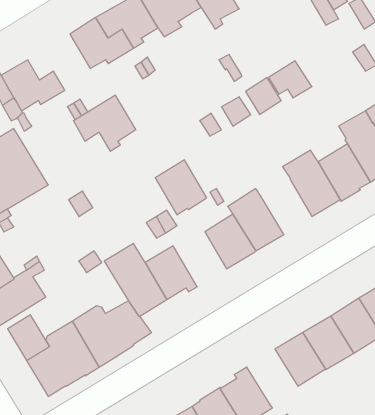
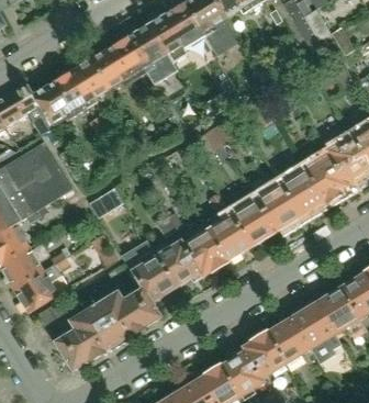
building: [73,95,136,151] -> [55,59,109,108]
building: [155,160,206,215] -> [182,230,226,277]
building: none -> [256,184,300,232]
building: none -> [244,331,288,378]

